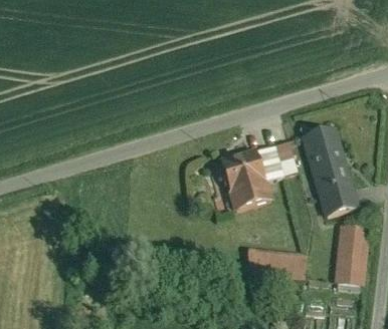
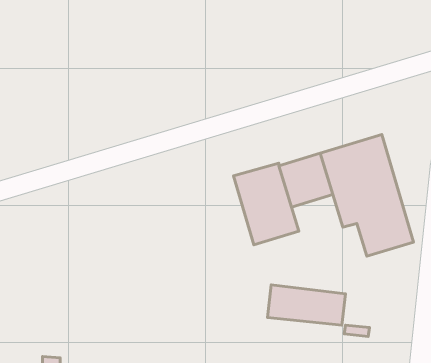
building: [330,224,371,286] -> none

